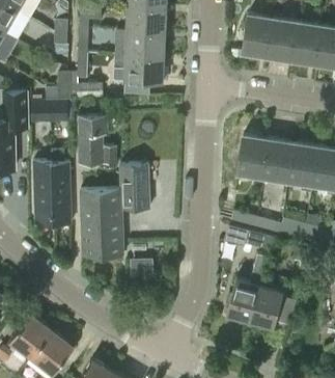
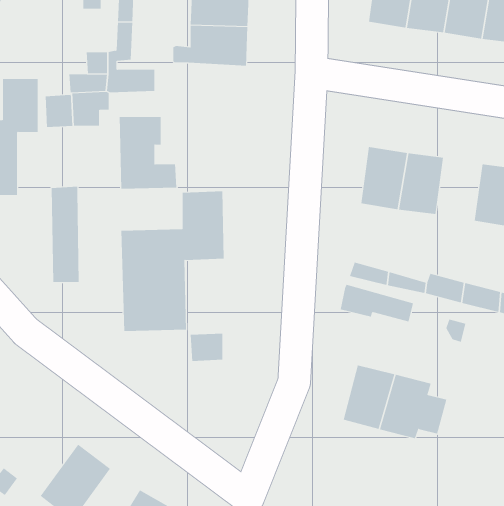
building: [287,142,317,184] -> none
building: [52,150,71,224] -> none
building: [9,314,52,357] -> none

